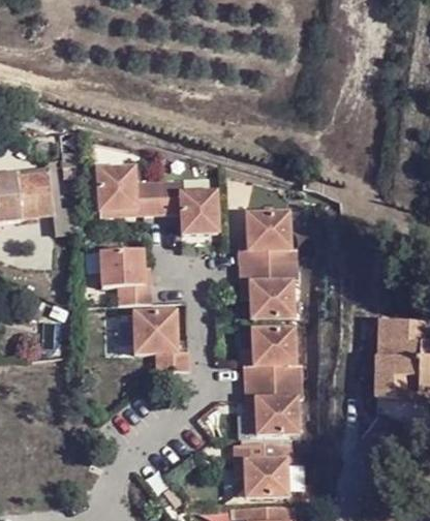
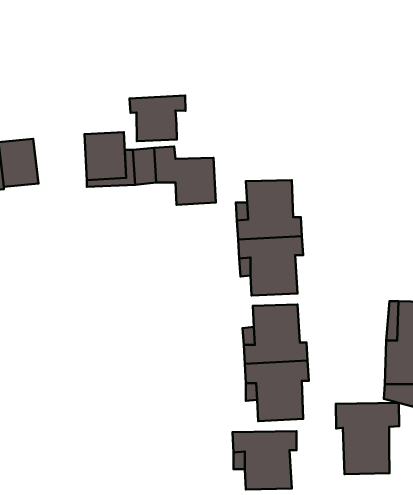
building: none -> [130,95,185,141]
building: [100,248,152,303] -> none
building: [133,309,190,370] -> none
building: none -> [336,403,399,474]

